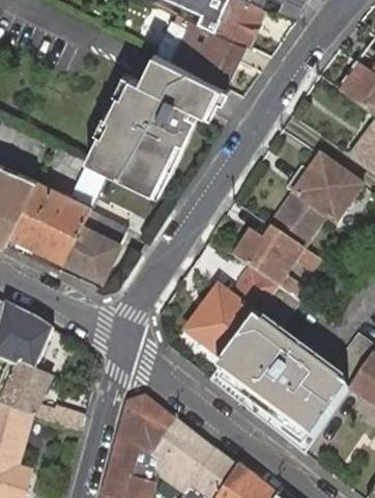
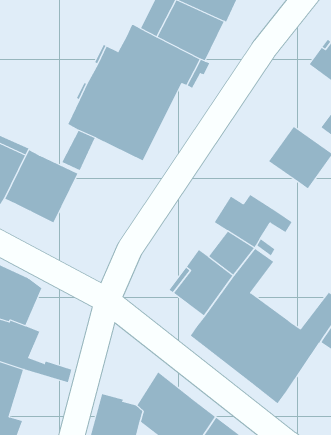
building: [272,193,325,247] -> none
building: [65,209,127,277] -> none
building: [116,394,176,454] -> none

